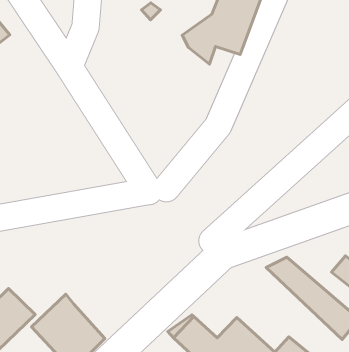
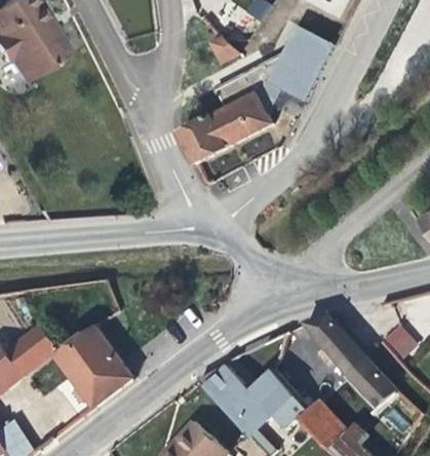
building: none -> [181,74,273,168]

